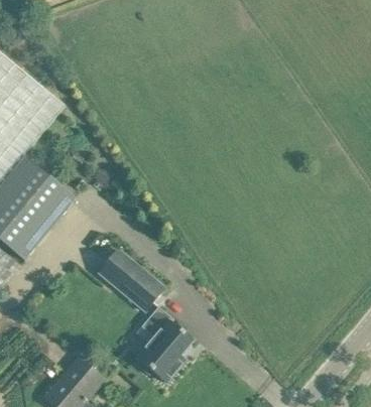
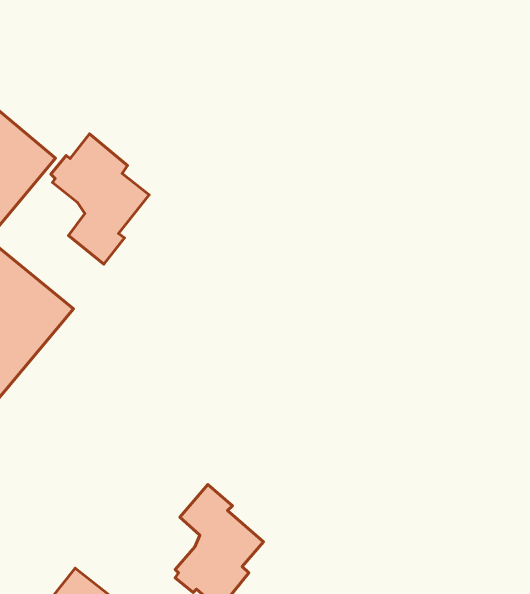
building: none -> [51,134,149,264]
building: [98,249,163,310] -> none

